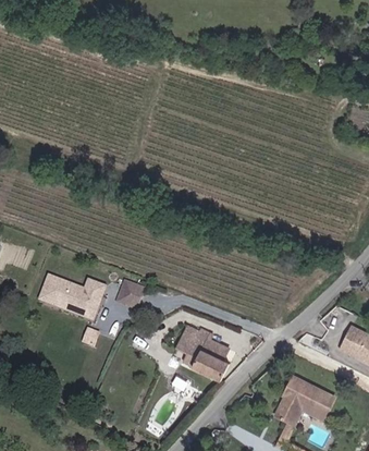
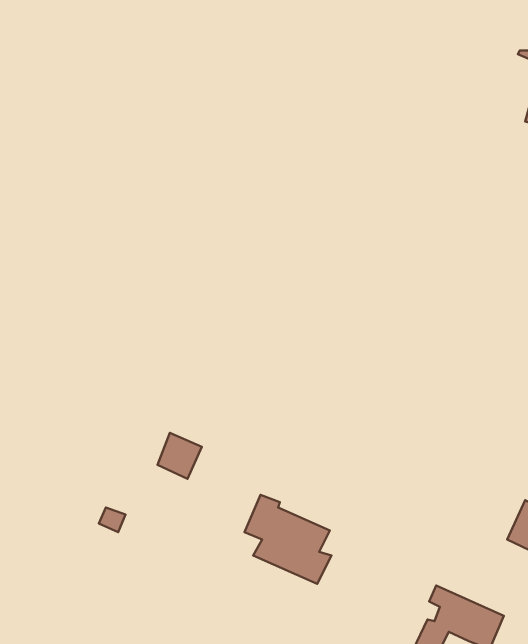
building: [42,263,108,317] -> none

